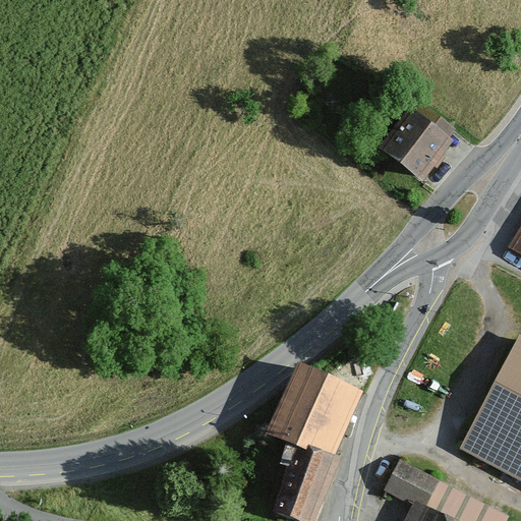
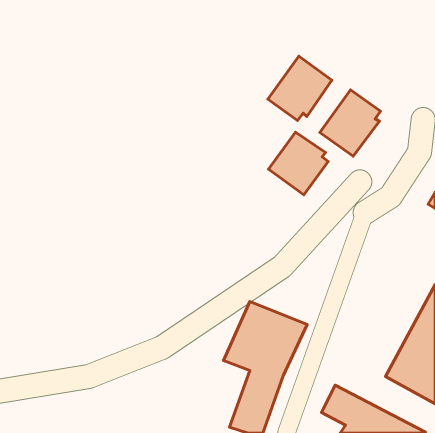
building: none -> [268,56,332,121]
building: none -> [269,132,328,195]

